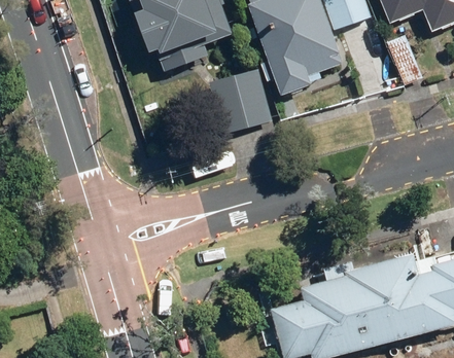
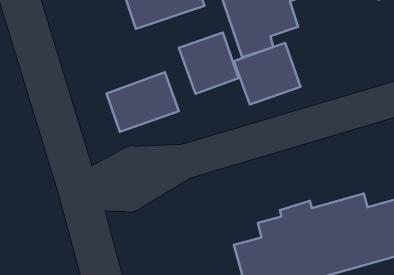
building: none -> [234,43,300,104]
building: none -> [107,72,179,132]

